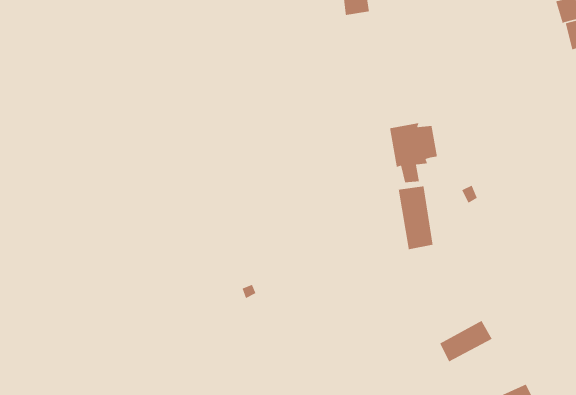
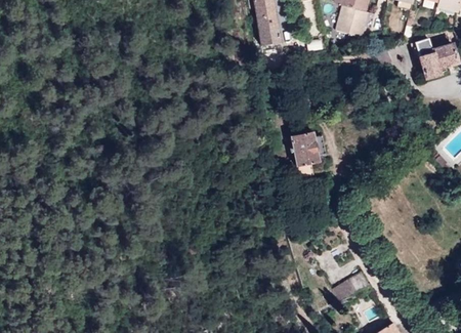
building: [398,186,434,250] -> none

